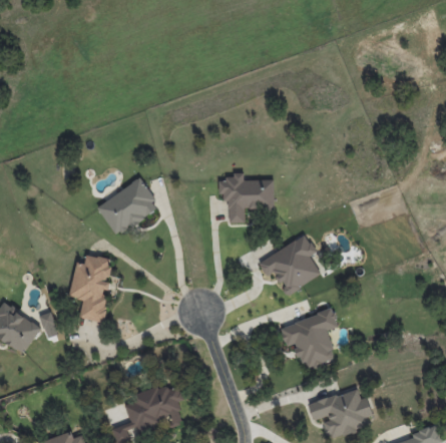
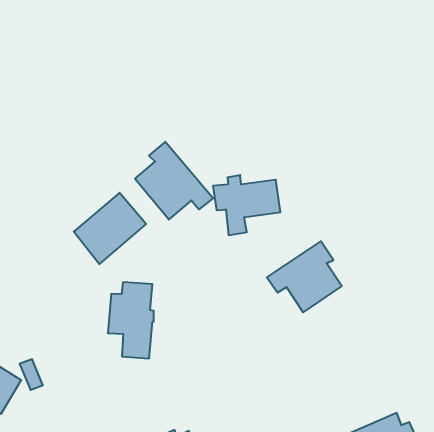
building: none -> [135,142,213,220]
building: [69,255,111,322] -> [108,282,154,358]
building: [280,309,339,371] -> none

